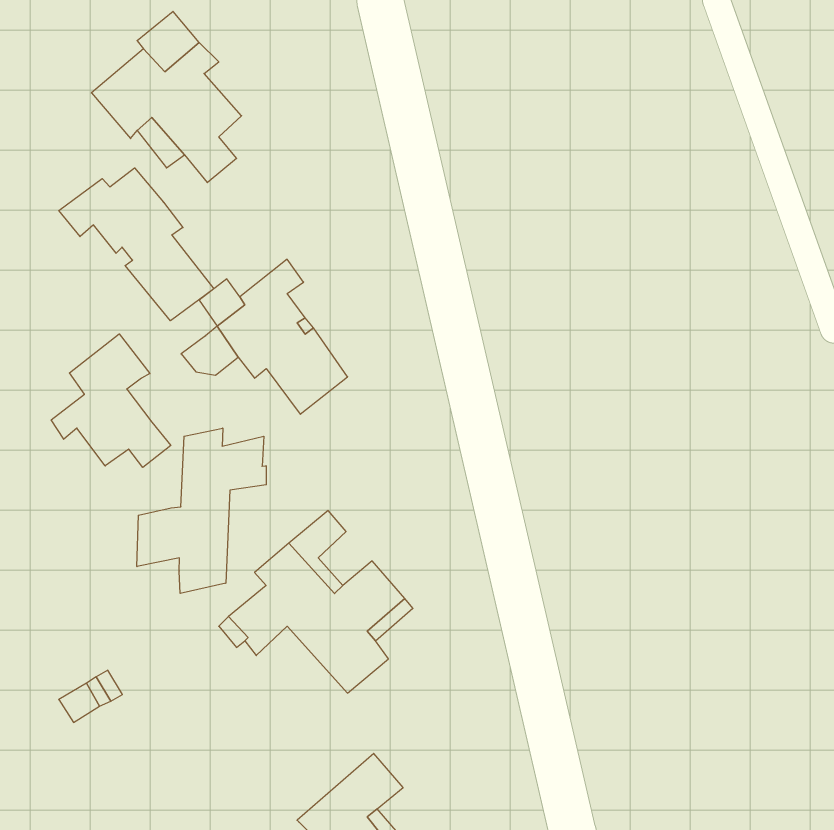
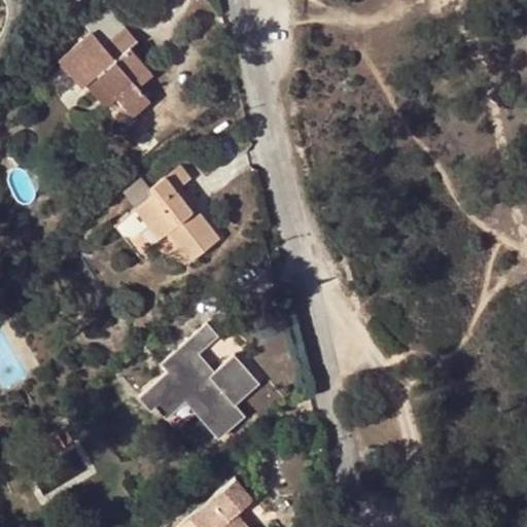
building: [59,168,214,321] -> none
building: [51,334,171,467] -> none
building: [137,428,266,593] -> none

